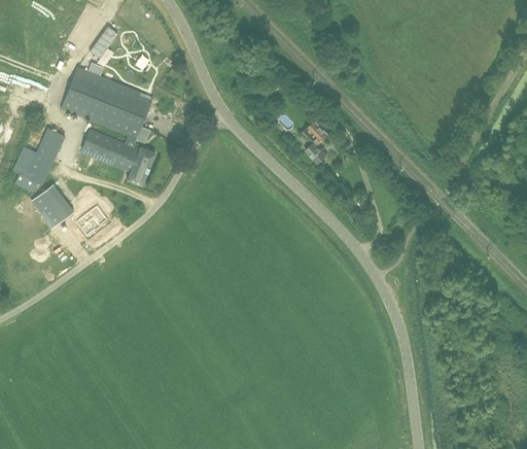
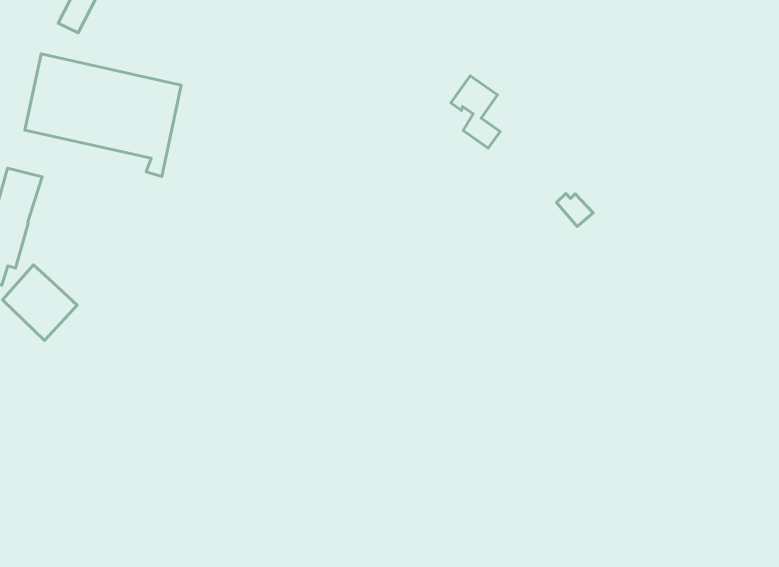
building: [81,129,154,183] -> none
building: [76,205,108,235] -> none

